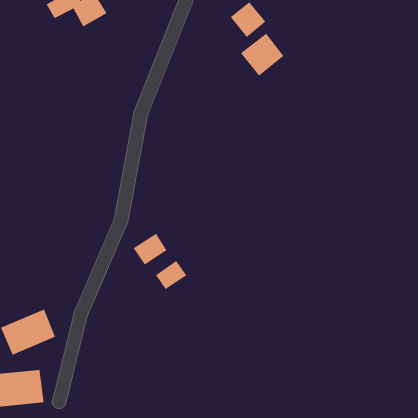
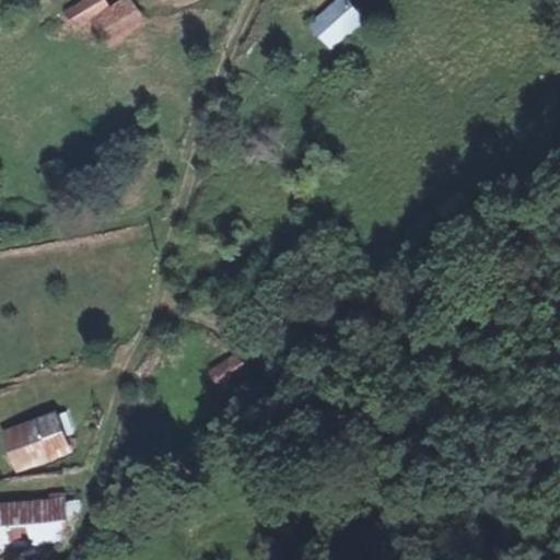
building: [240,33,284,77] -> none
building: [133,233,167,266] -> none

